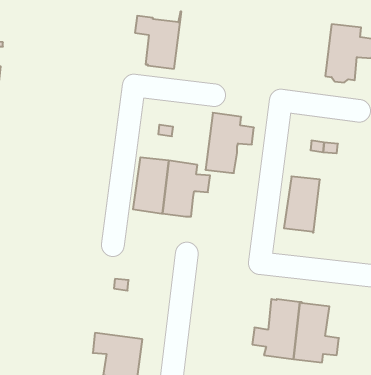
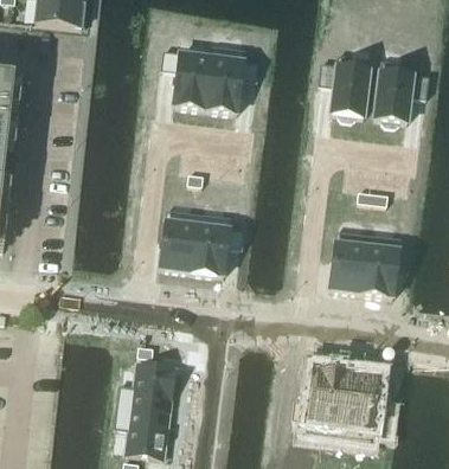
building: none -> [319,54,371,121]
building: [205,113,254,173] -> [205,46,259,114]
building: none -> [361,234,400,297]
building: none -> [116,364,175,413]

